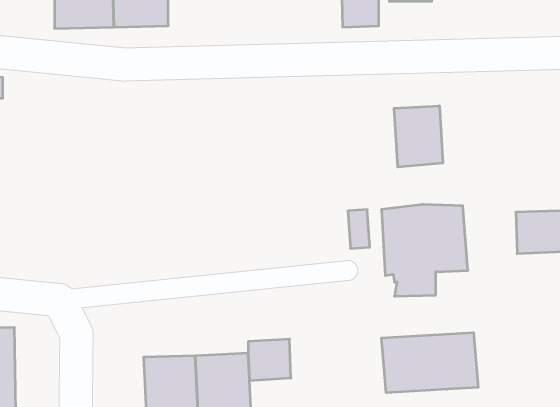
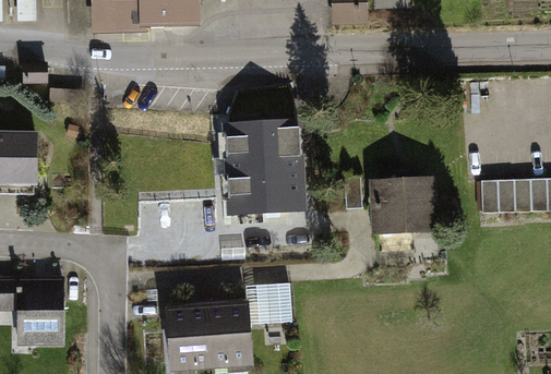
building: [394,106,443,167] -> none
building: none -> [221,122,301,222]
building: [382,333,478,393] -> none

